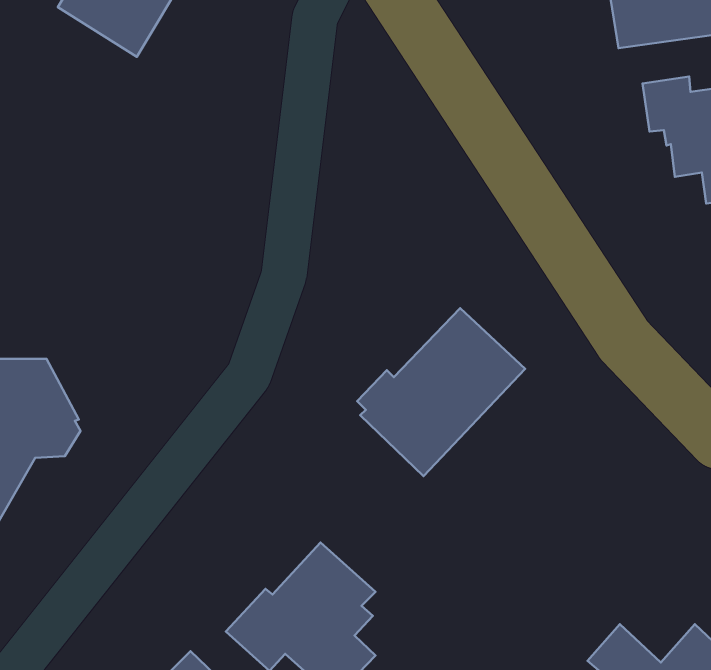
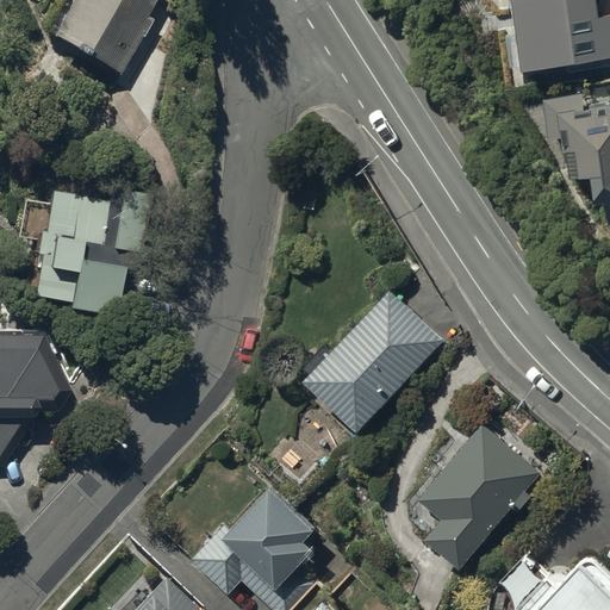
building: none -> [29,181,150,318]
building: none -> [418,424,540,567]

